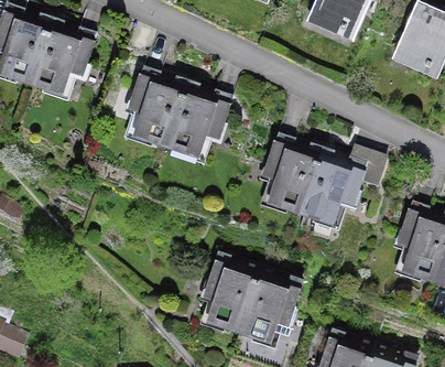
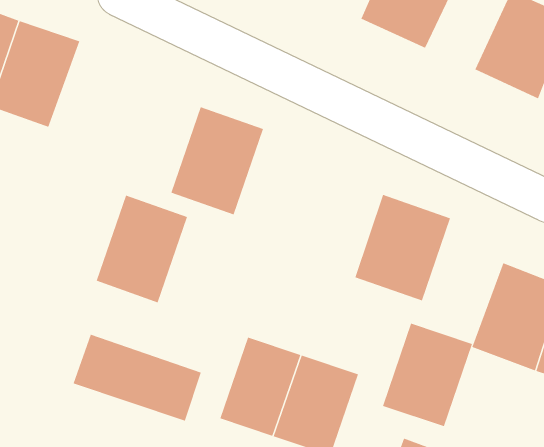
building: [118,67,186,148] -> [96,195,188,303]
building: [254,133,322,211] -> [382,323,473,427]
building: none -> [73,334,202,421]

